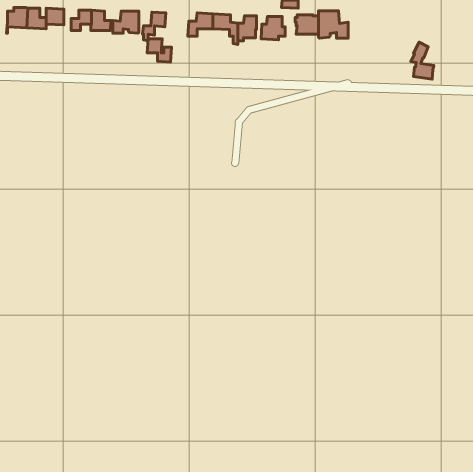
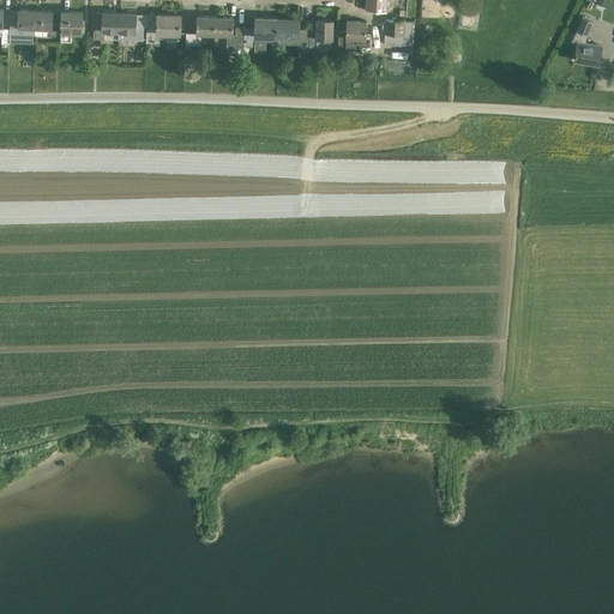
building: [318,11,348,38] -> none
building: [147,39,171,62] -> [213,18,245,48]
building: [411,42,434,79] -> [571,17,601,65]

